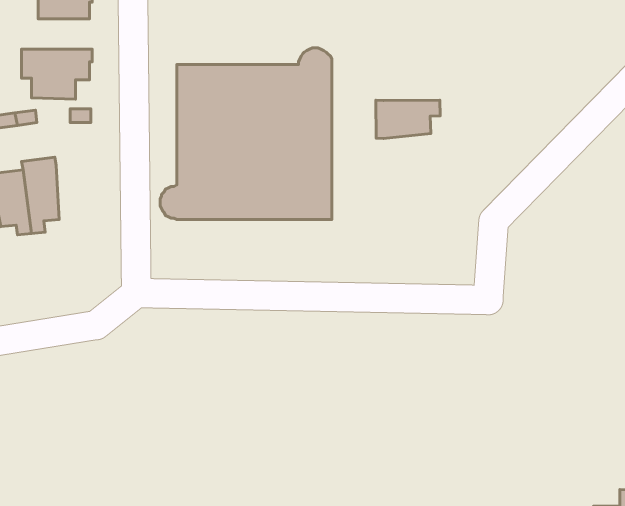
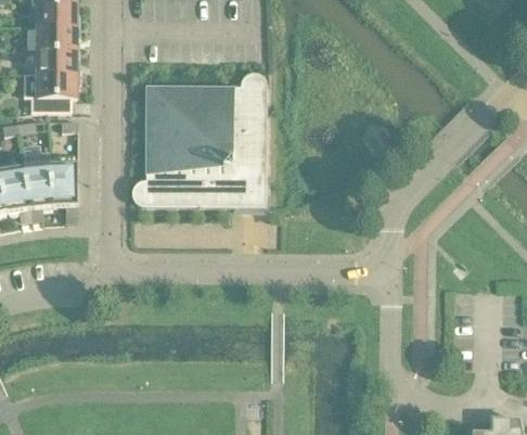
building: none -> [37,50,79,74]
building: [376,100,440,138] -> none
building: none -> [51,165,78,215]

